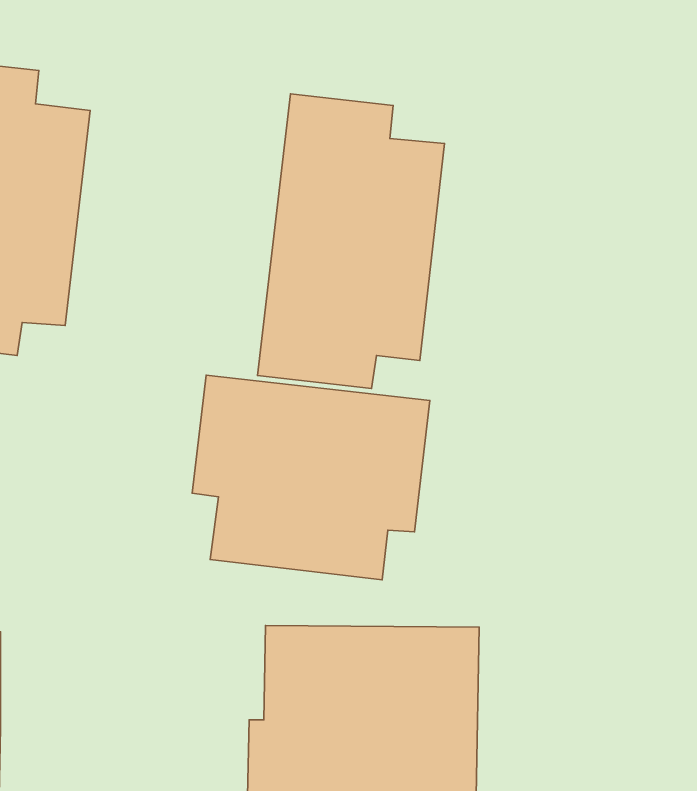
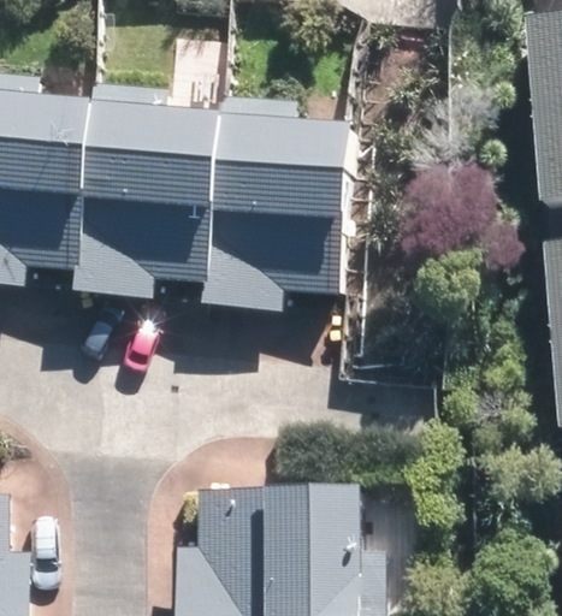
building: none -> [69,87,203,301]
building: [192,375,430,580] -> none

